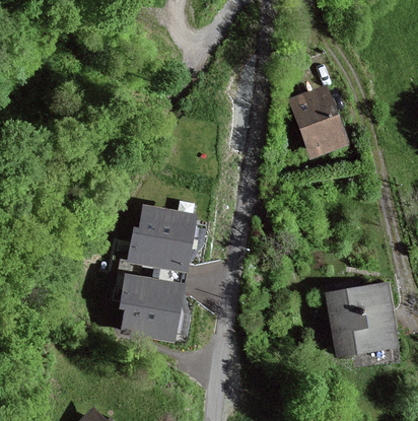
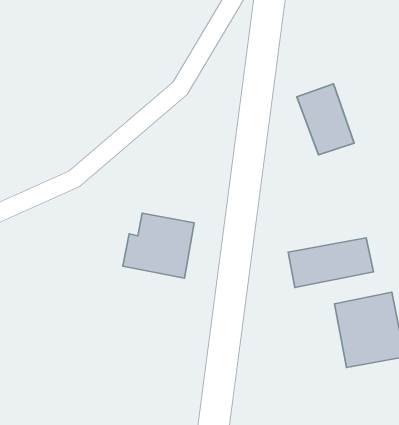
building: none -> [288,238,374,287]
building: [120,276,183,339] -> none

